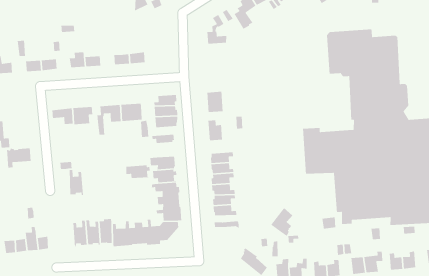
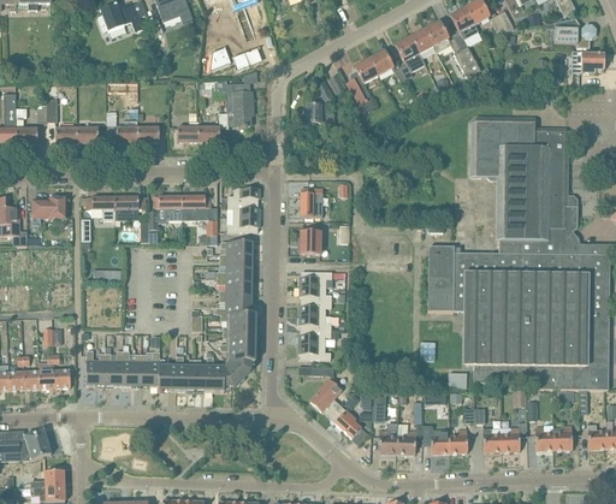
building: none -> [214,81,253,126]
building: [6,147,31,168] -> [32,197,66,225]
building: [125,165,151,179] -> [219,254,254,272]
building: [69,169,84,196] -> [85,350,105,387]
building: [270,207,293,237] -> [309,378,342,419]

